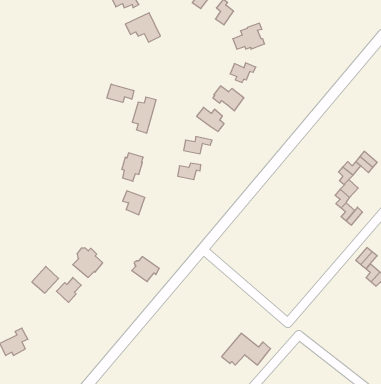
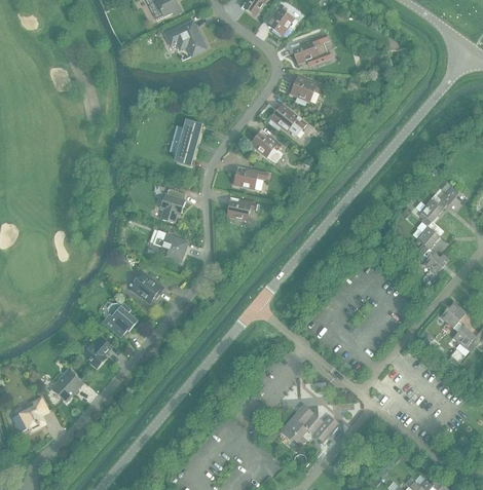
building: [107,84,134,102] -> none
building: [132,257,159,282] -> [129,271,162,301]
building: [32,266,59,293] -> [50,368,82,400]

